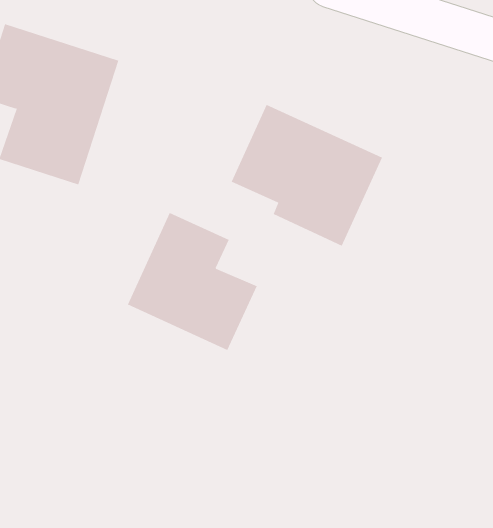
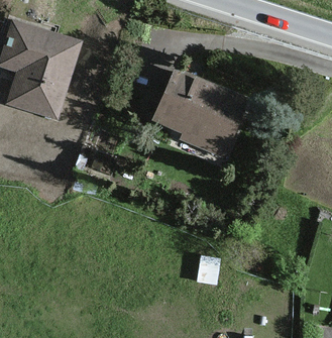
building: [127,212,258,351] -> none

